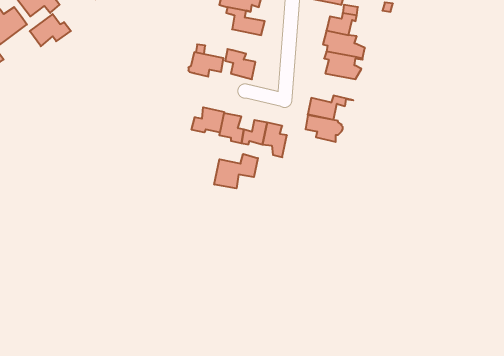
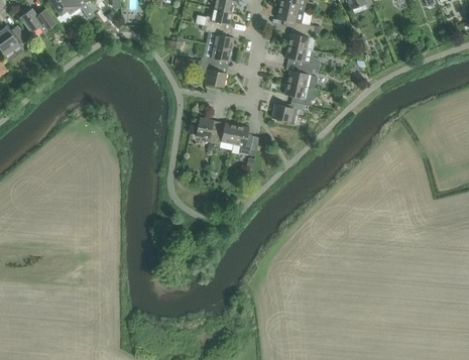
building: [30,14,71,46] -> none
building: [188,52,223,77] -> [201,44,231,66]
building: [192,107,224,132] -> none
building: [305,115,343,142] -> [284,83,317,106]
building: [214,154,258,188] -> none

